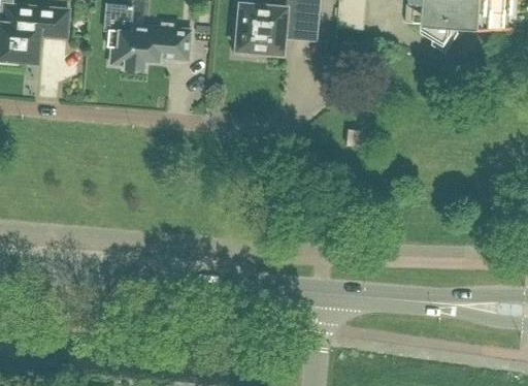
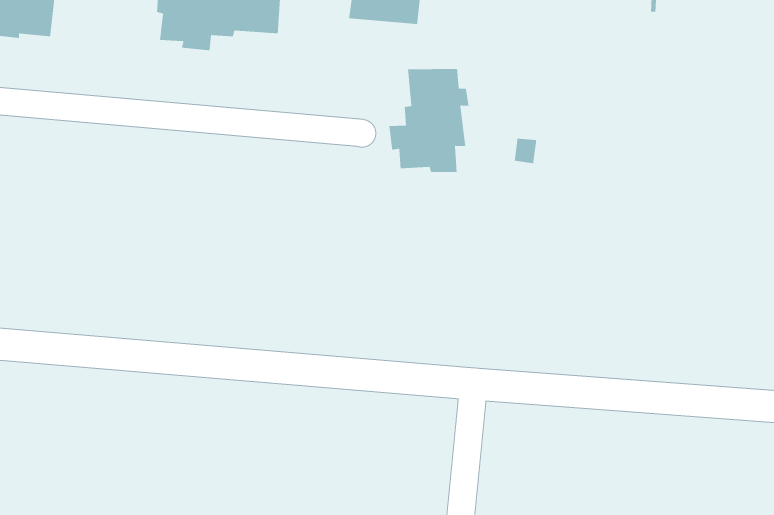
building: none -> [388,68,470,173]

